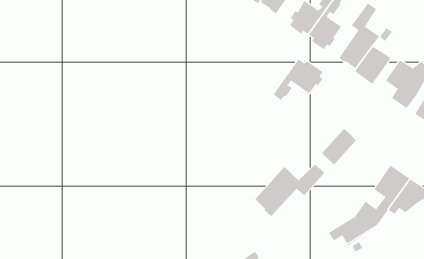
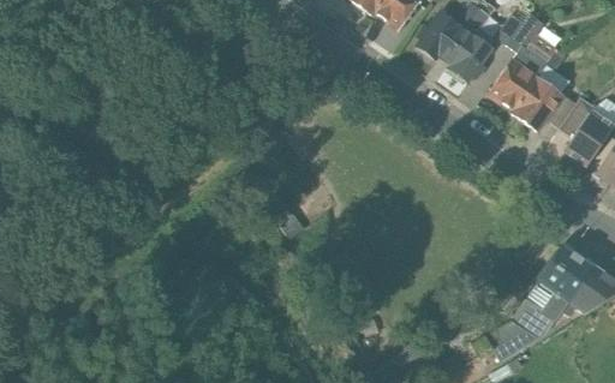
building: [273,58,324,101] -> none
building: [321,128,357,165] -> none
building: [255,164,325,217] -> none

